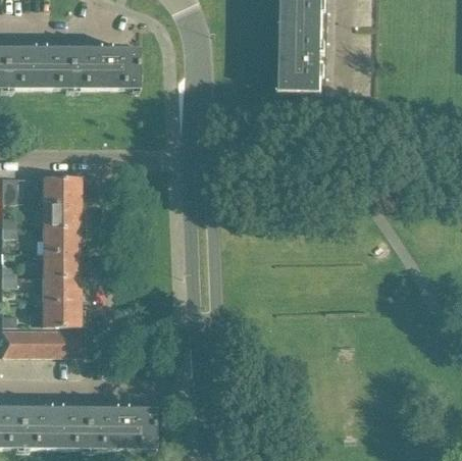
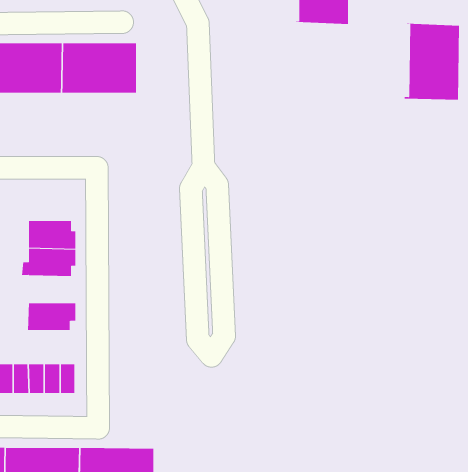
building: [276,27,326,95] -> [404,23,460,100]
building: [41,178,84,203] -> none
building: [41,252,84,276] -> none
building: [40,301,83,326] -> none

